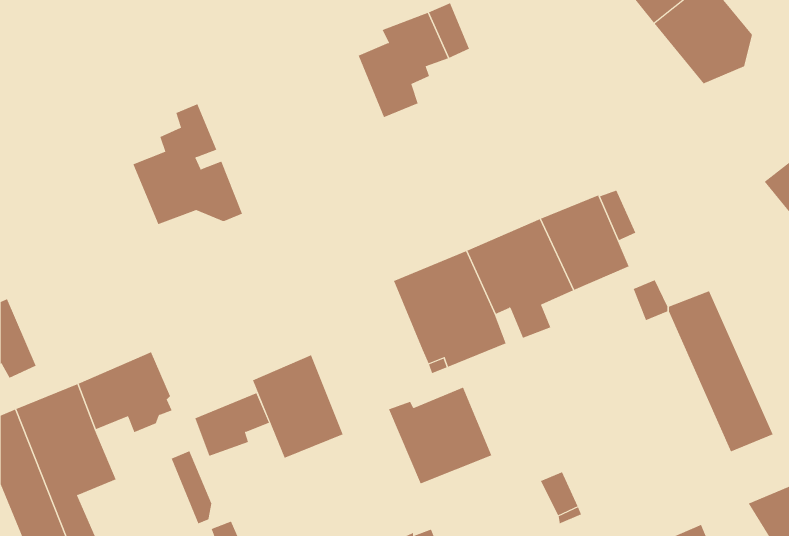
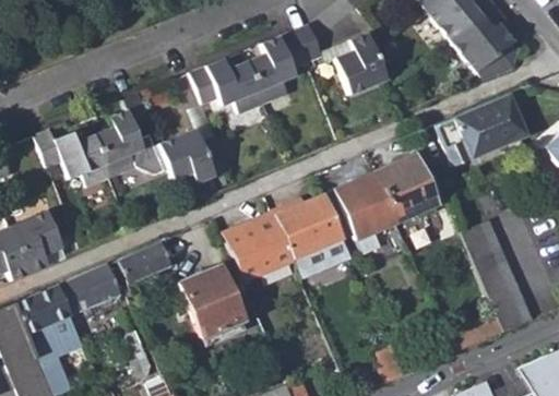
building: none -> [340,32,390,93]
building: none -> [192,60,266,113]
building: none -> [435,95,526,168]
building: none -> [160,129,230,182]
building: none -> [35,130,112,185]
building: none -> [10,212,63,273]
building: [388,387,492,484] -> [222,215,293,281]
building: [195,392,270,456] -> [118,241,169,285]

